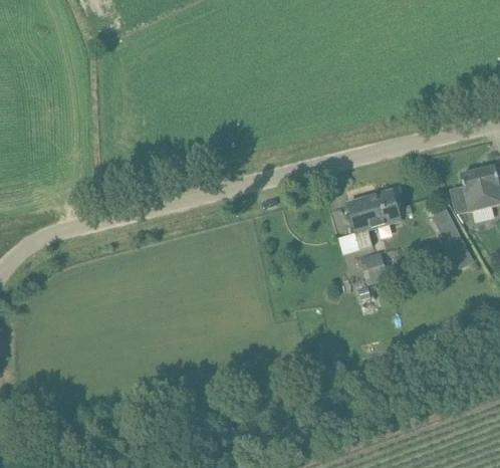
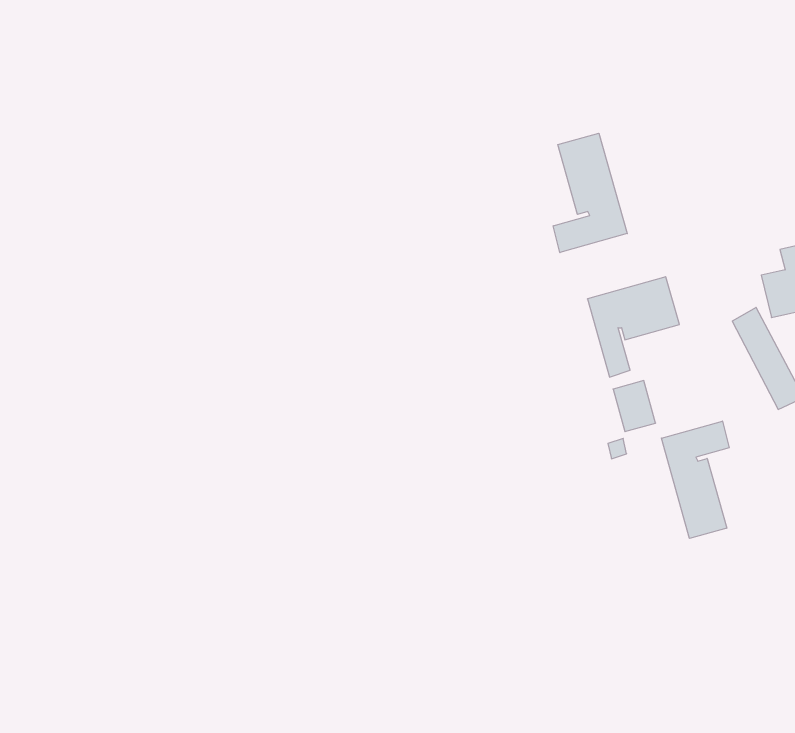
building: none -> [553,133,627,253]
building: none -> [661,421,729,538]

